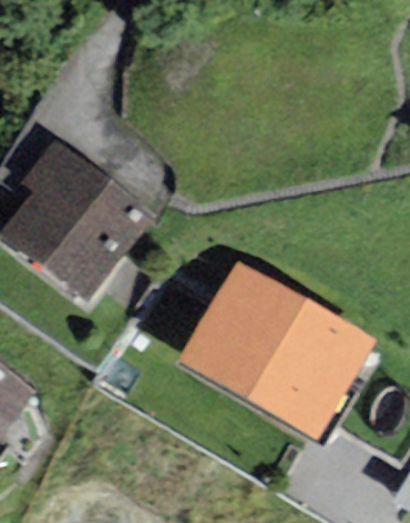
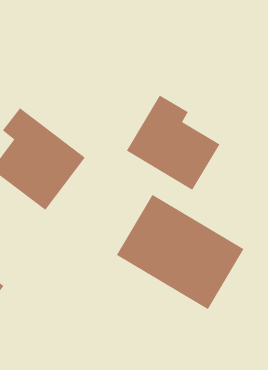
building: none -> [126,94,221,191]

